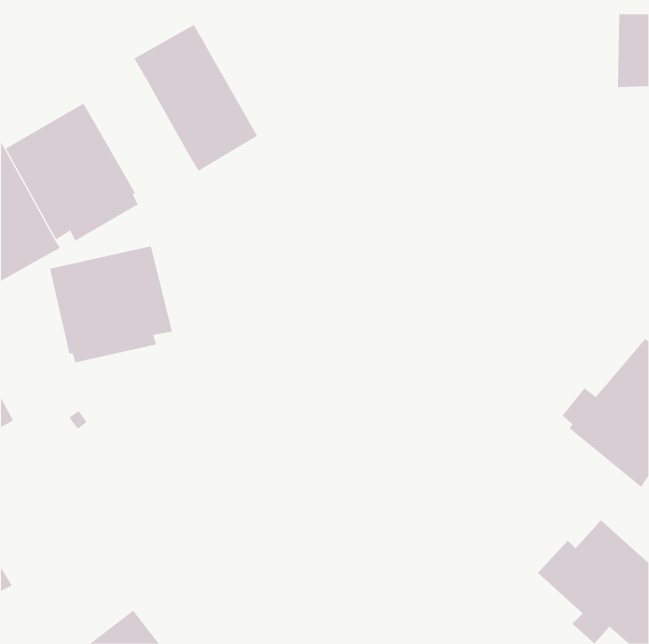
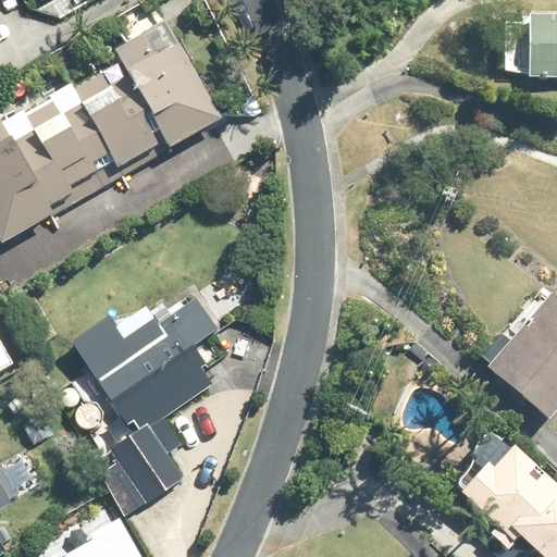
building: none -> [72,73,164,165]
building: [50,246,172,363] -> none
building: none -> [70,296,219,516]

